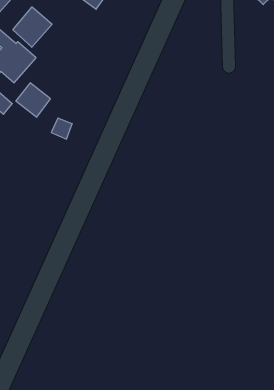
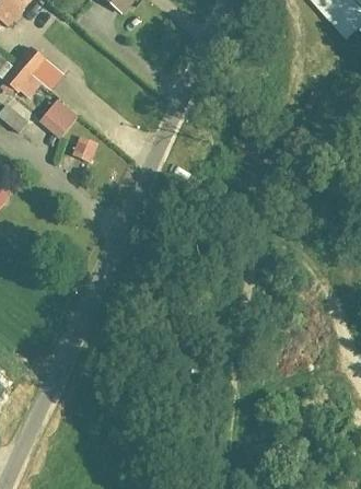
building: [13,7,52,47] -> none

